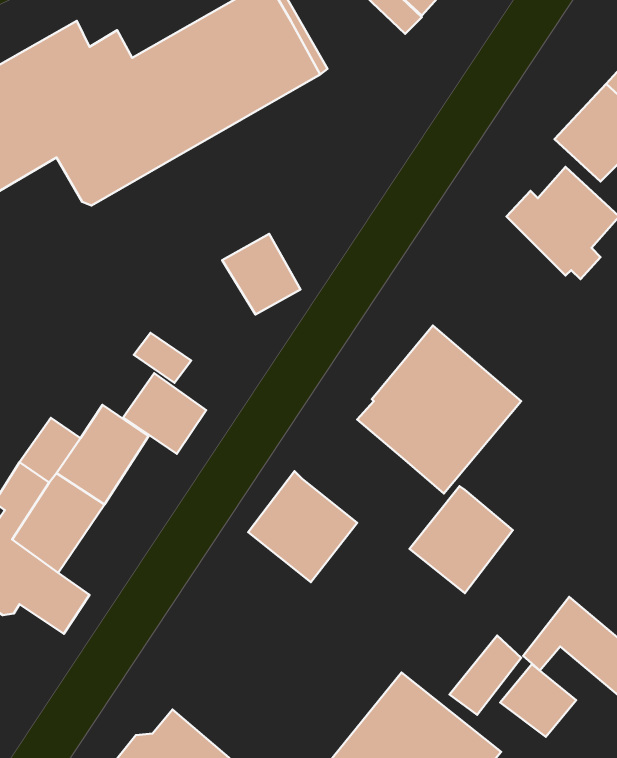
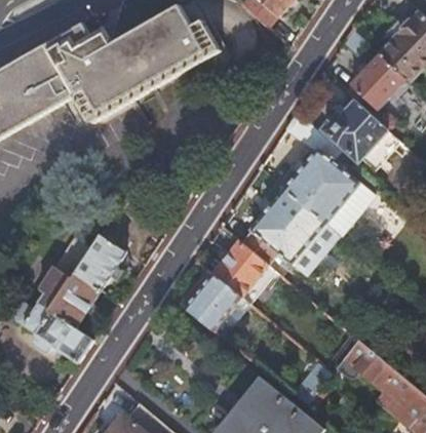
building: none -> [282,112,367,232]
building: [222,234,301,315] -> none
building: [123,373,206,454] -> none
building: [410,486,513,593] -> [209,240,267,300]
building: [500,664,576,737] -> none

